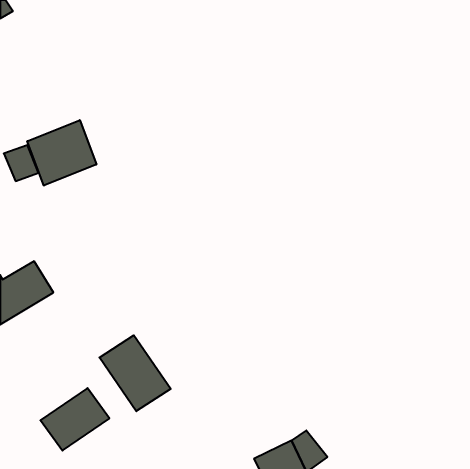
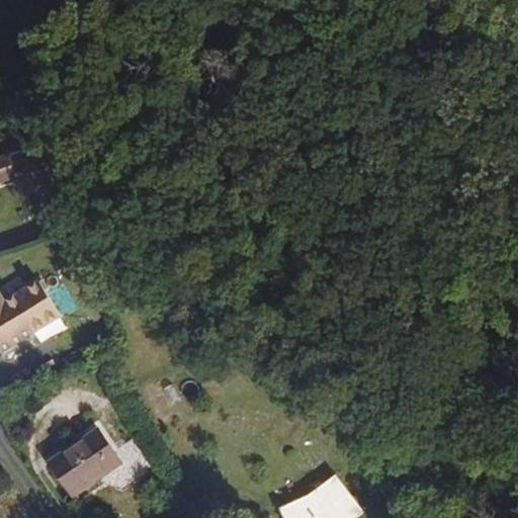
building: [27,120,96,186] -> none
building: [99,335,171,411] -> none

